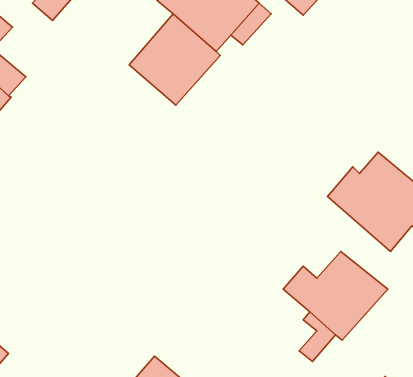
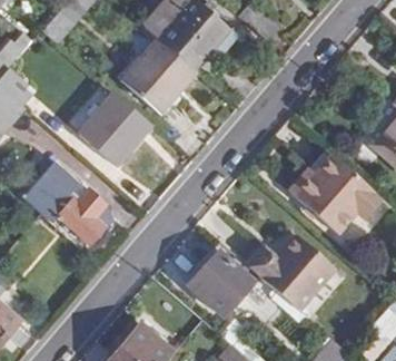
building: none -> [80,94,149,164]
building: none -> [27,168,103,244]
building: none -> [185,251,251,318]

